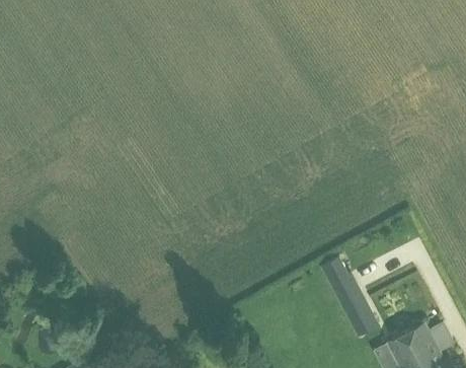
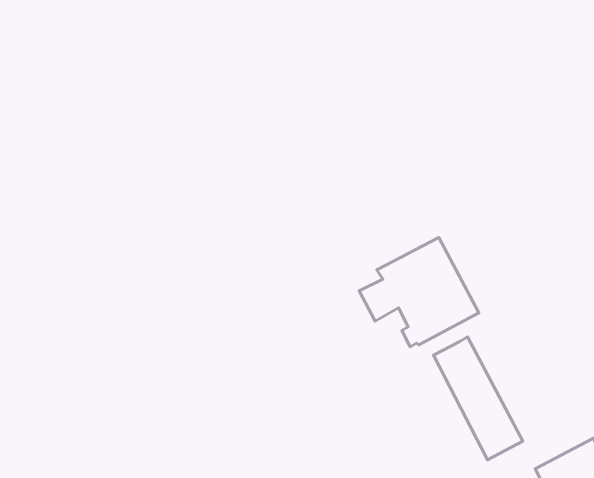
building: none -> [359,238,479,347]

